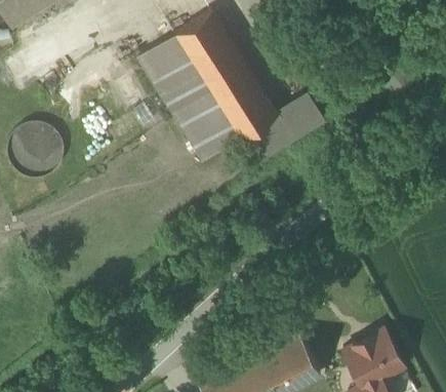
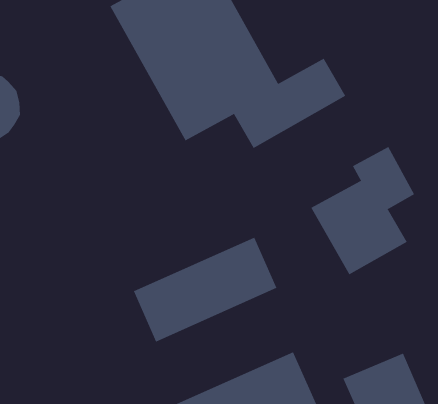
building: none -> [311,146,415,275]
building: none -> [133,237,277,342]

